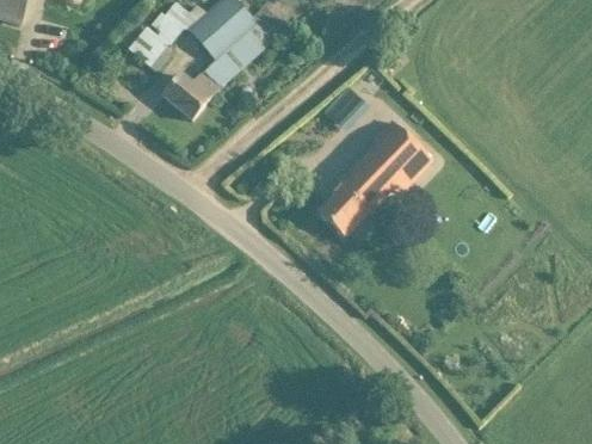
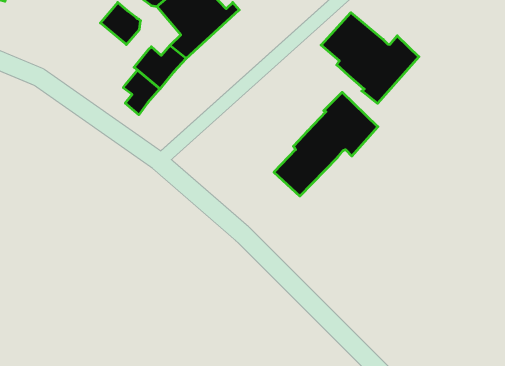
building: none -> [321,13,419,103]
building: none -> [123,70,160,115]

